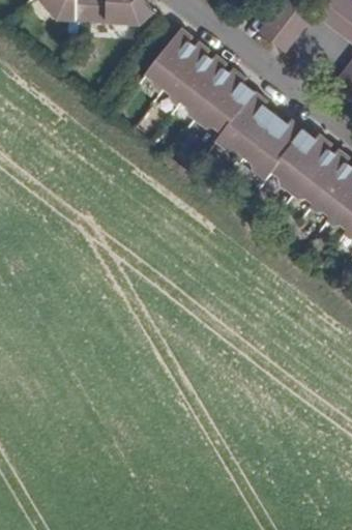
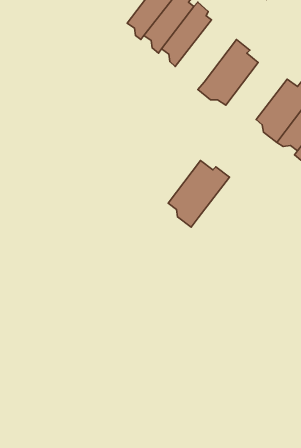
building: [193,68,254,135] -> none
building: [243,115,304,181] -> [168,161,230,227]

